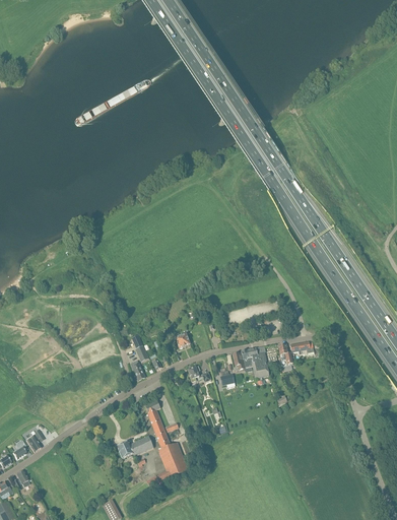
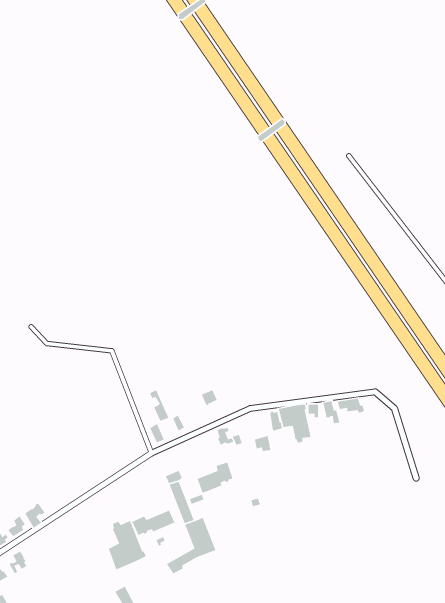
building: none -> [196,461,234,494]
building: none -> [108,520,147,571]

